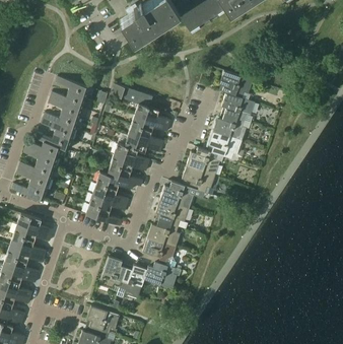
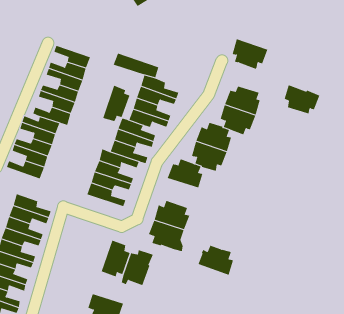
building: [222,92,256,120] -> [284,84,320,114]
building: none -> [103,85,130,122]
building: [156,199,190,228] -> none
building: [144,261,178,289] -> [197,245,234,276]

